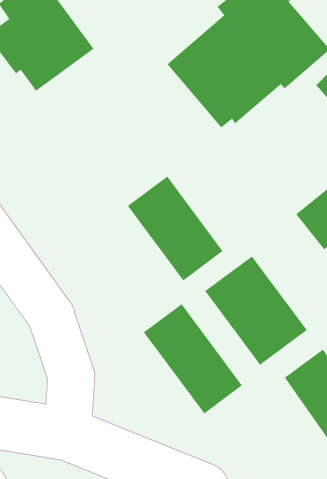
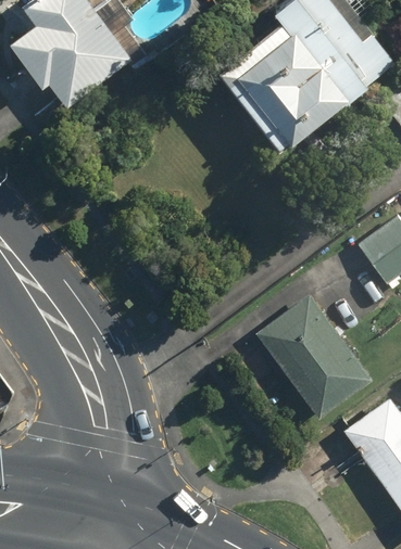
building: [127,176,224,281] -> none
building: [143,303,243,415] -> none

